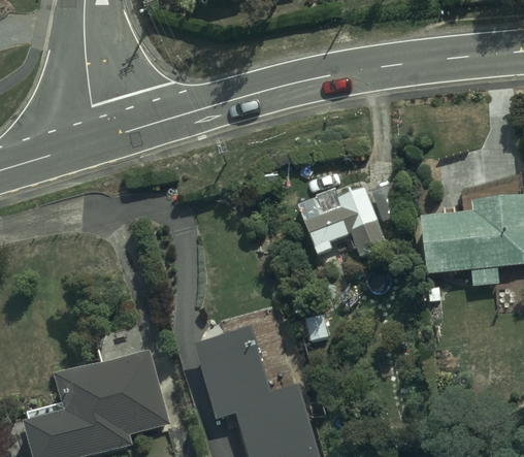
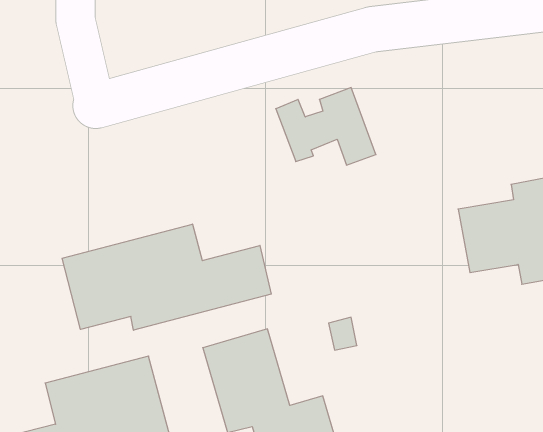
building: [297,181,385,249] -> [276,88,376,165]
building: none -> [62,224,271,330]

